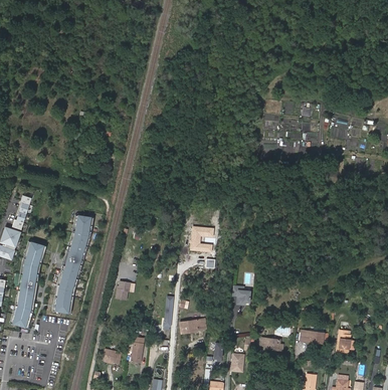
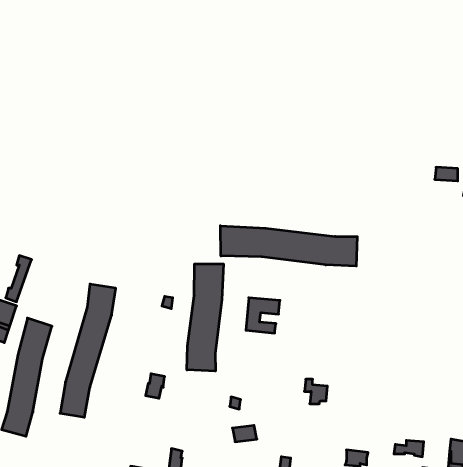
building: none -> [220,226,357,266]
building: none -> [187,264,223,371]

